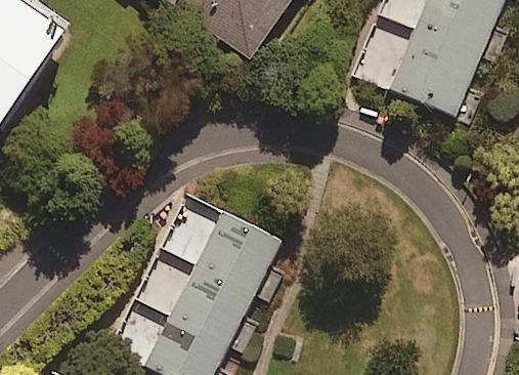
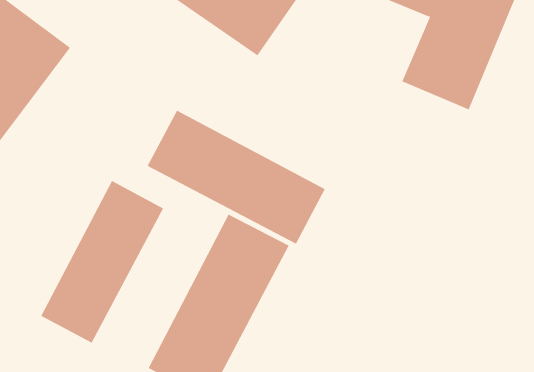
building: none -> [147,110,325,245]
building: none -> [40,180,164,343]

